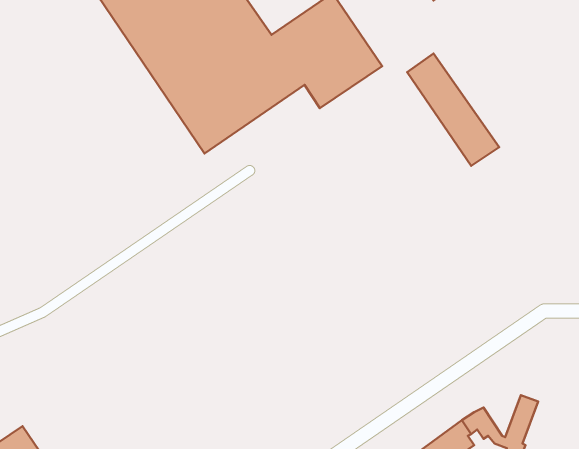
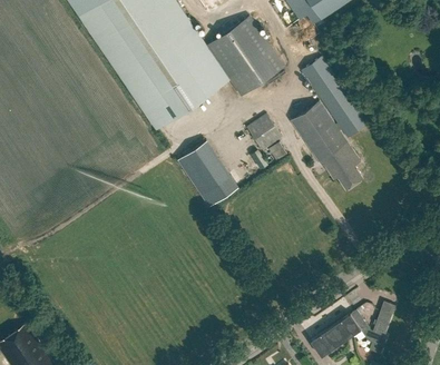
building: none -> [291,101,363,189]
building: none -> [247,115,282,151]
building: none -> [178,141,238,207]

